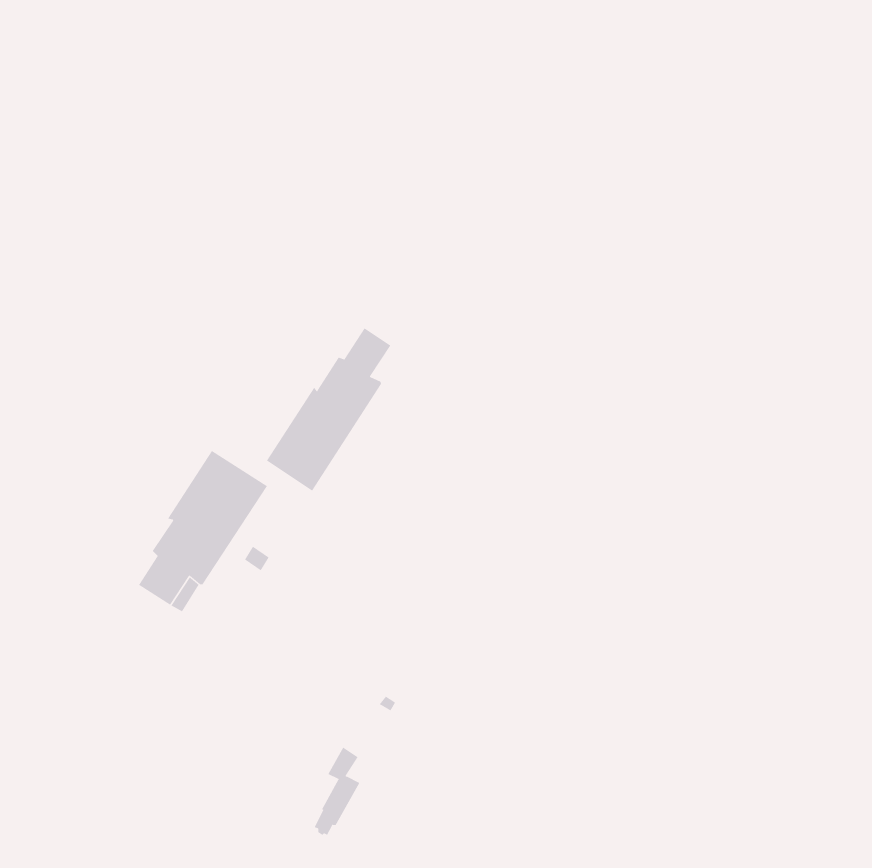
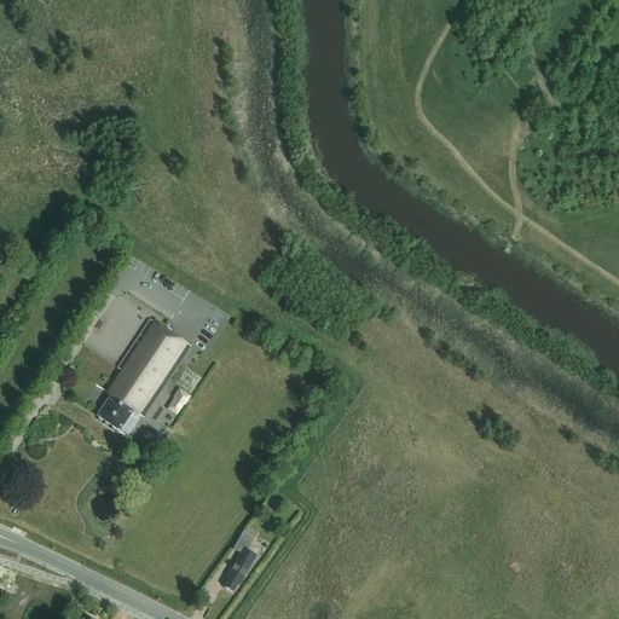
building: [266,327,391,492] -> none

